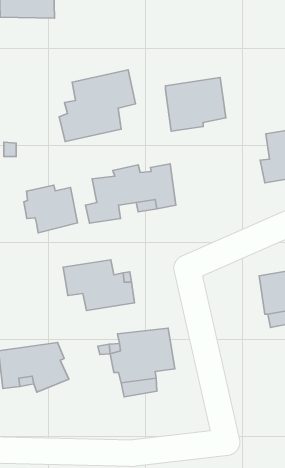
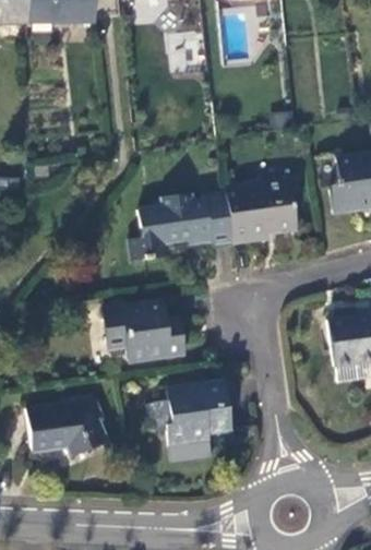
building: [59,70,135,142] -> none
building: [166,78,226,131] -> [227,178,297,240]
building: [24,185,78,233] -> none

